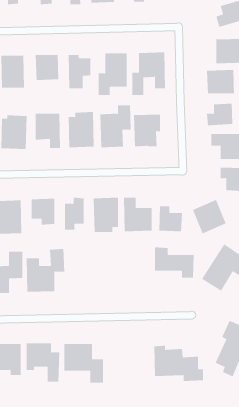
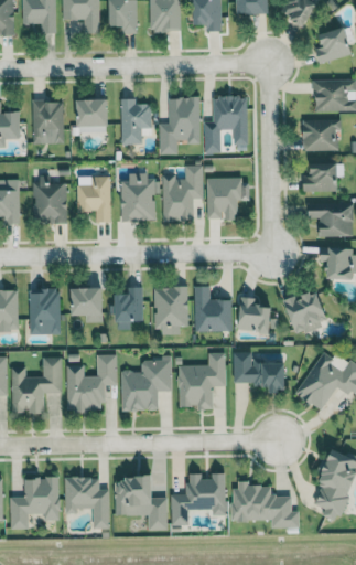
building: none -> [177,353,226,411]
building: none -> [120,355,172,412]
building: none -> [171,473,226,526]

